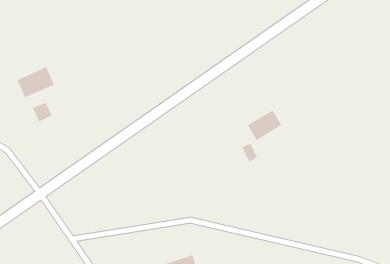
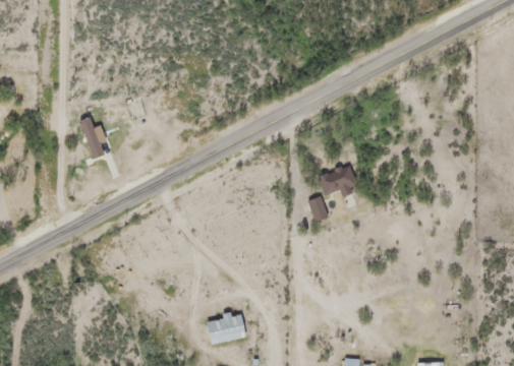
building: [16,66,55,98] -> none

